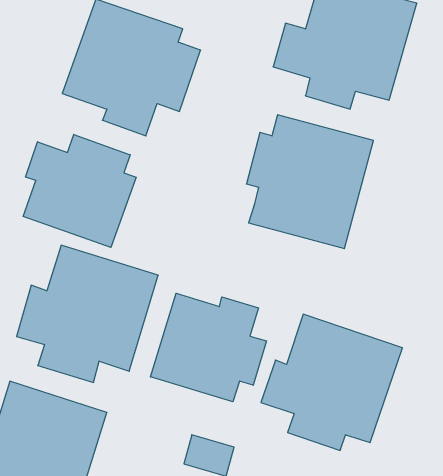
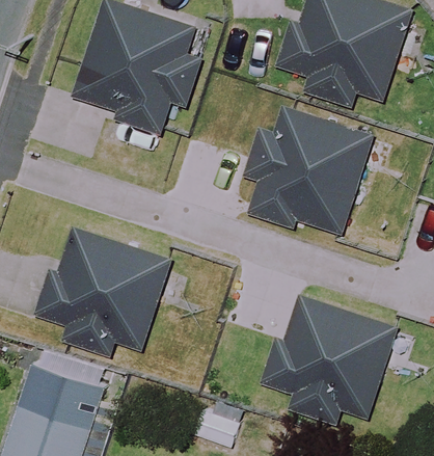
building: [23,134,136,247] -> none
building: [150,293,266,402] -> none

